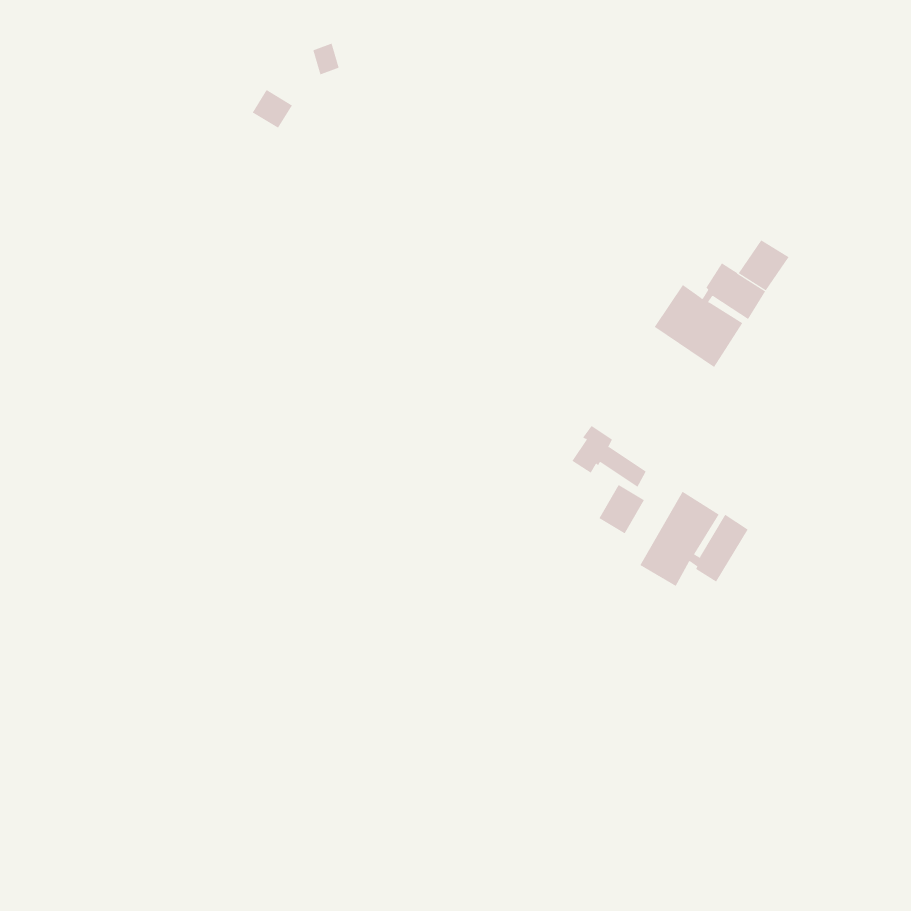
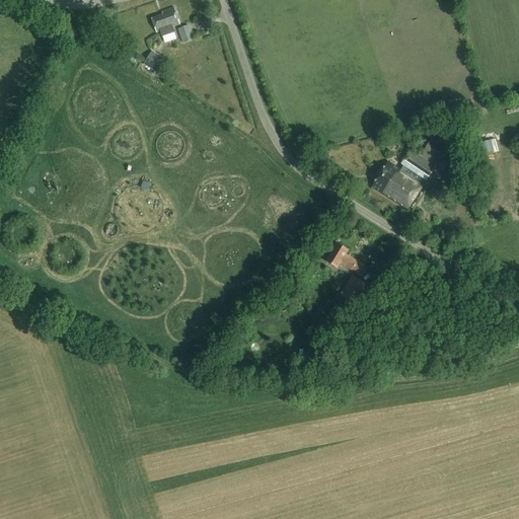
building: none -> [151,7,179,39]
building: [640,491,748,587] -> none

